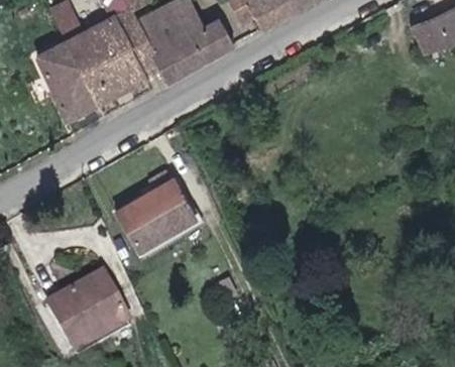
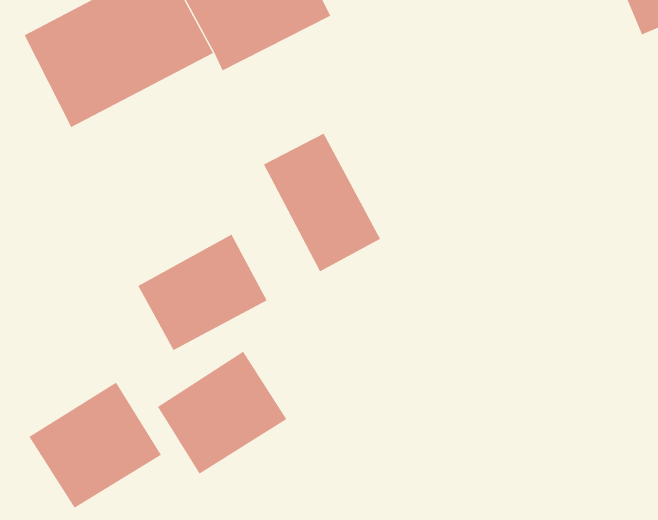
building: none -> [263,133,381,272]
building: none -> [157,351,287,475]

